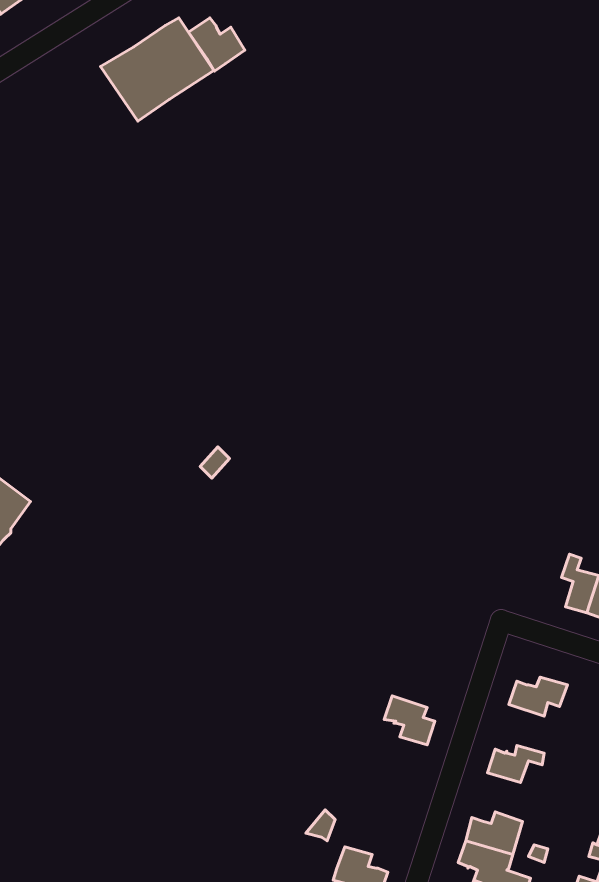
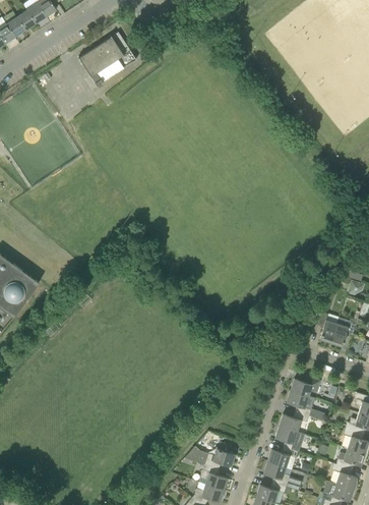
building: [188,18,245,71] -> none
building: [384,696,435,745] -> [286,390,312,415]
building: none -> [274,426,304,451]
building: none -> [204,444,234,468]

